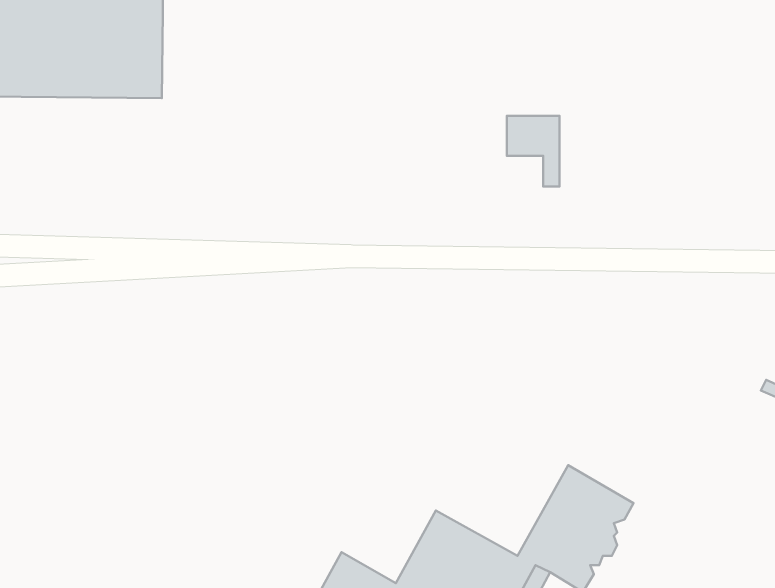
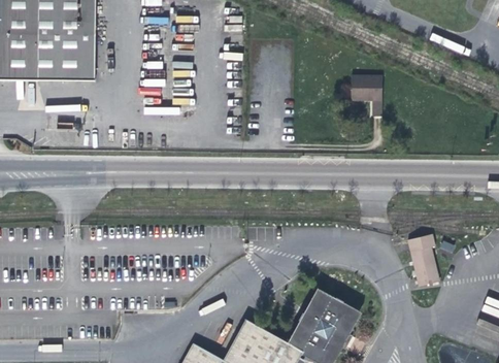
building: [507,116,560,187] -> [353,76,382,117]
building: none -> [407,235,438,288]

